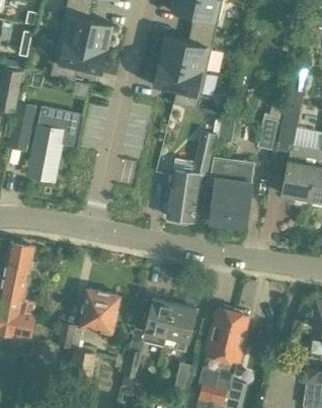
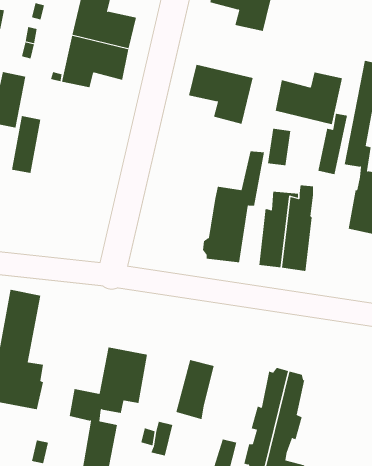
building: [159,29,214,72] -> [275,72,343,125]
building: [29,105,77,180] -> none
building: [166,304,195,352] -> none

